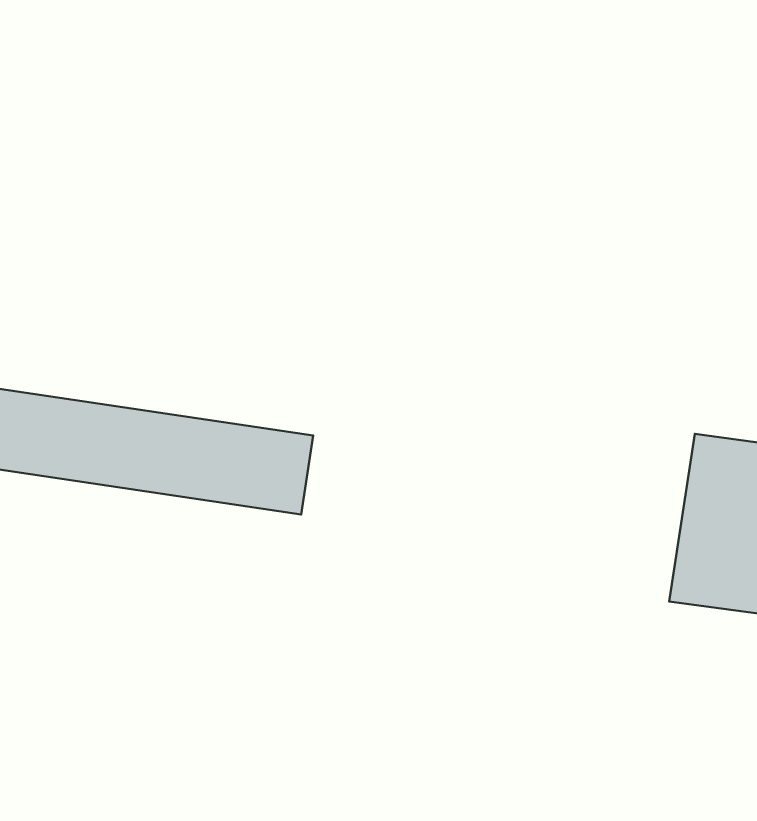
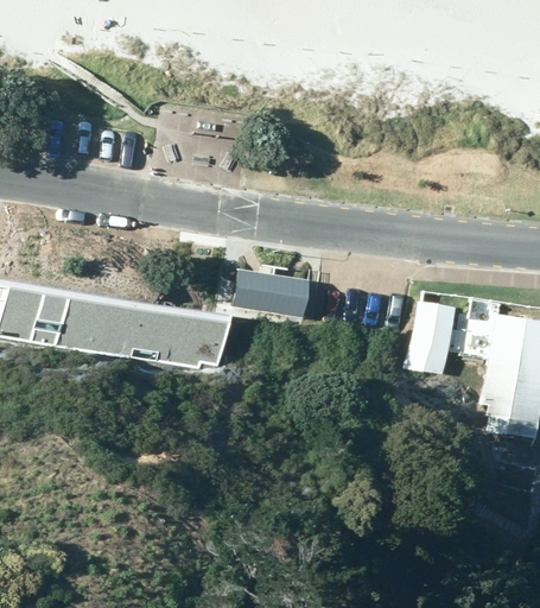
building: none -> [234,270,310,317]
building: none -> [407,302,456,373]

